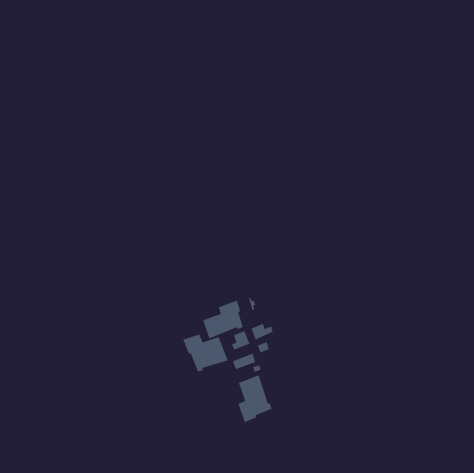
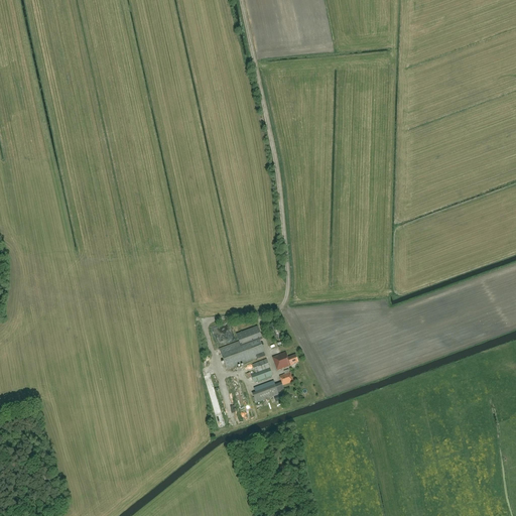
building: [182,334,229,373] -> none
building: [237,374,273,423] -> none

